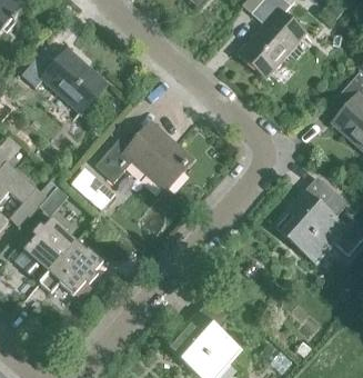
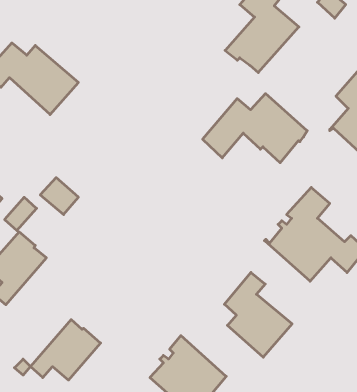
building: [95,125,190,187] -> [203,94,307,163]
building: [40,241,103,296] -> [30,320,101,380]
building: none -> [224,272,292,357]

